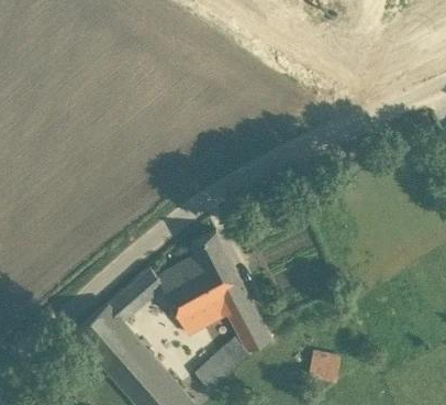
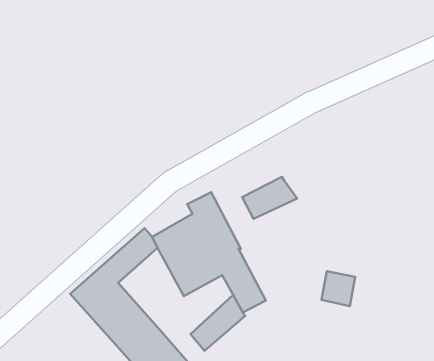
building: none -> [242,177,297,219]
building: [310,349,344,384] -> [321,271,355,306]

